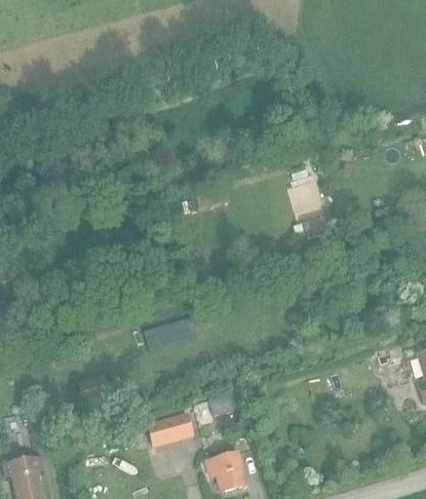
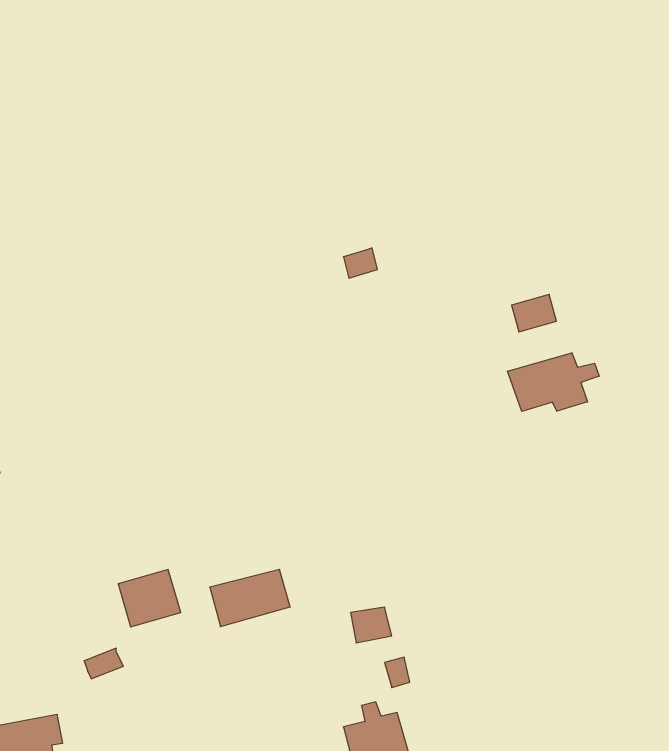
building: none -> [508,353,599,411]
building: [150,414,196,447] -> [210,569,290,627]

